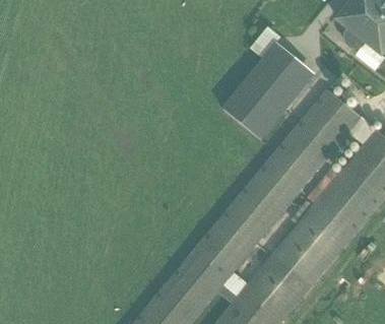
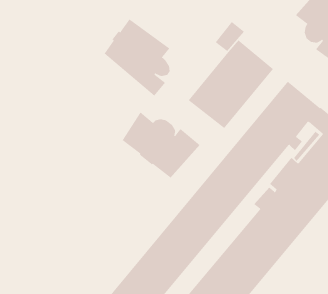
building: none -> [104,18,170,97]
building: none -> [122,112,201,178]

